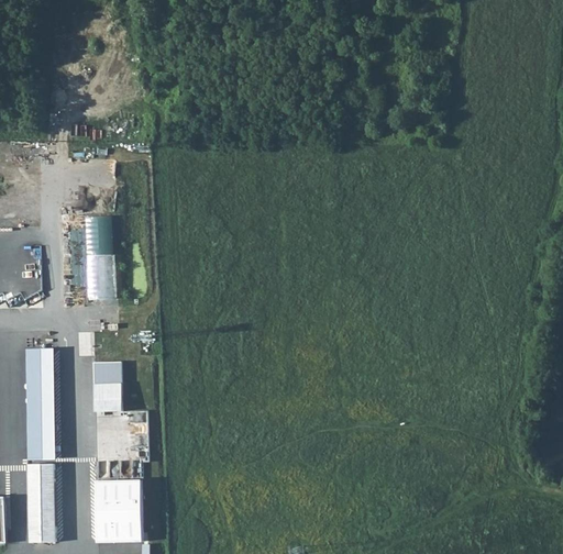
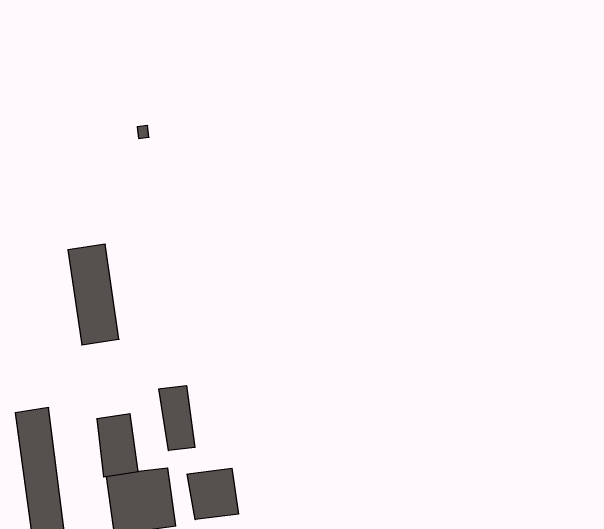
building: none -> [159,386,195,451]
building: none -> [187,468,238,520]

